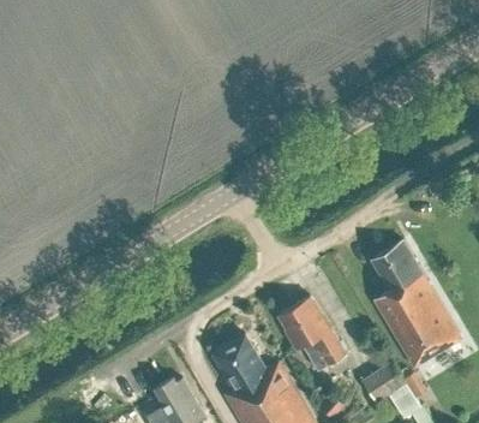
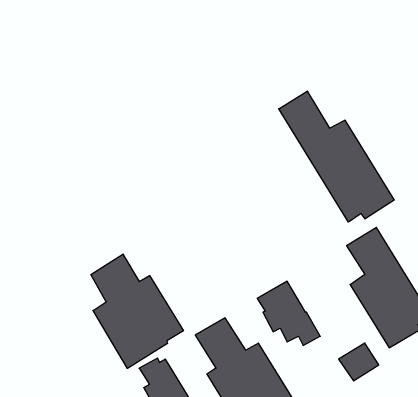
building: none -> [279,91,394,222]
building: none -> [91,254,183,368]

